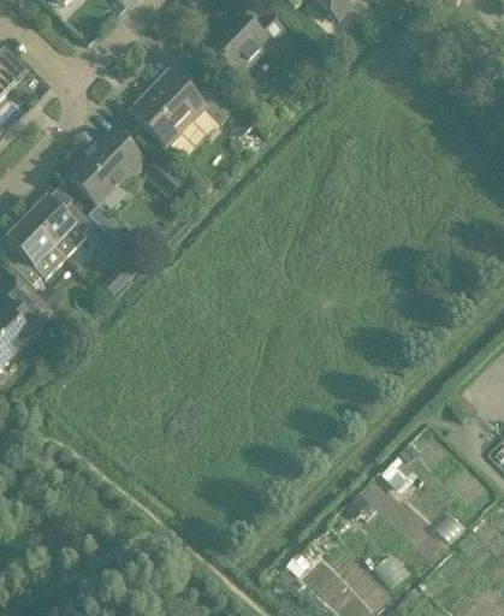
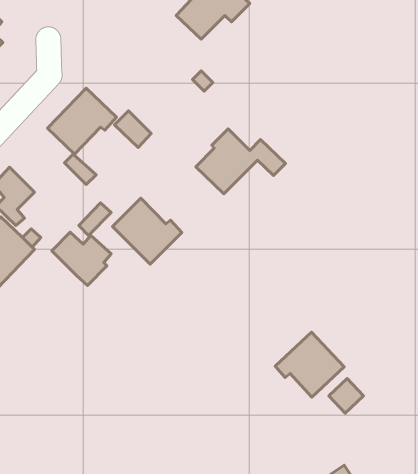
building: [134,71,233,143] -> [196,129,286,194]
building: [24,199,90,257] -> [52,232,111,285]
building: none -> [112,198,182,264]
building: none -> [275,332,344,397]

